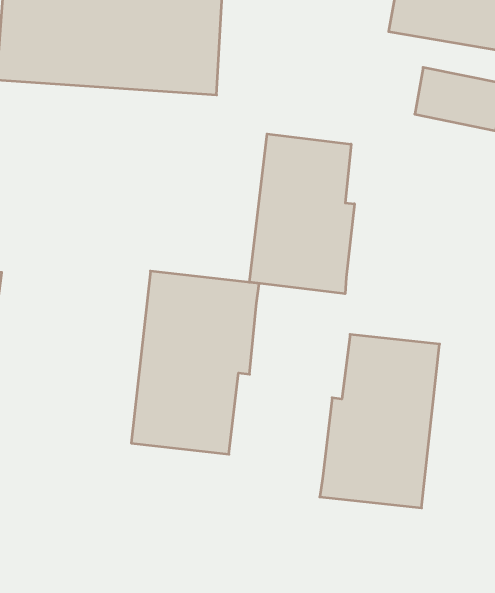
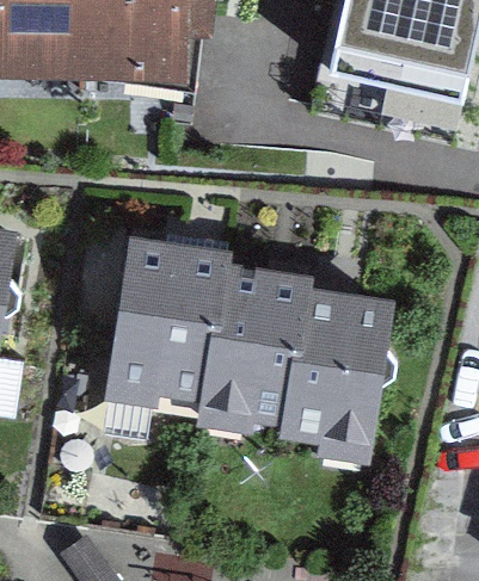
building: [249,134,354,294] -> none
building: none -> [201,268,308,421]

